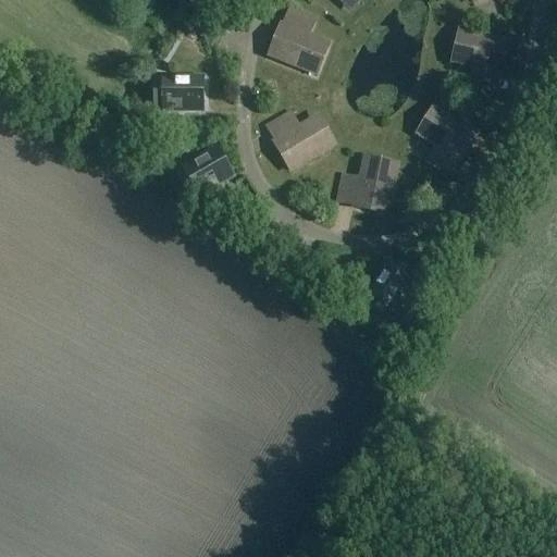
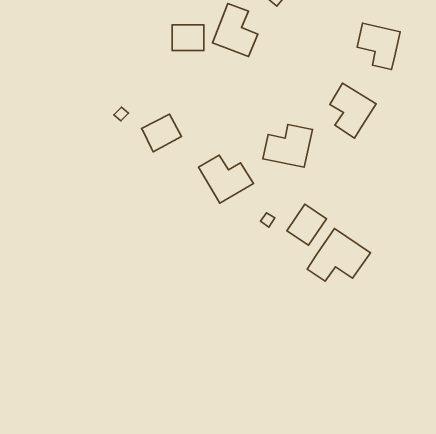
building: [161,76,201,109] -> [172,25,204,51]
building: [264,108,334,169] -> [199,155,253,203]
building: none -> [307,228,370,281]

